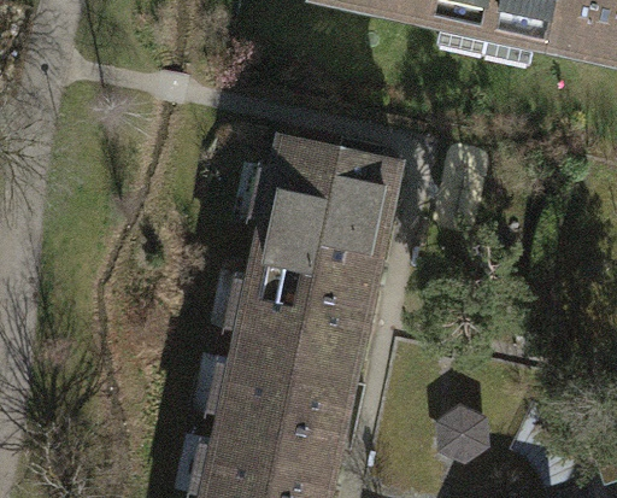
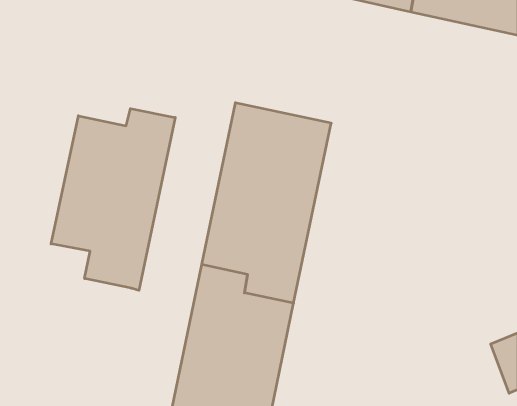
building: none -> [51,109,175,290]

